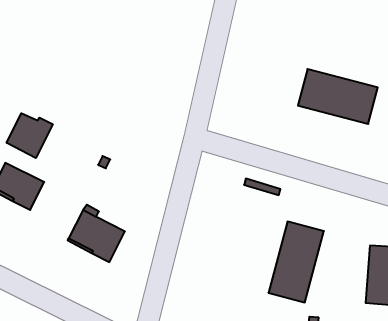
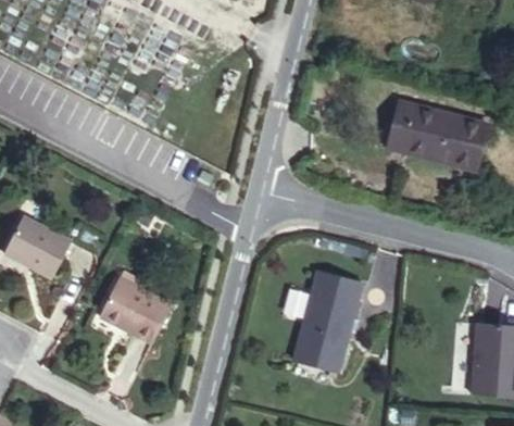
building: [7,113,53,158] -> none
building: [268,222,324,302] -> [293,272,363,373]

